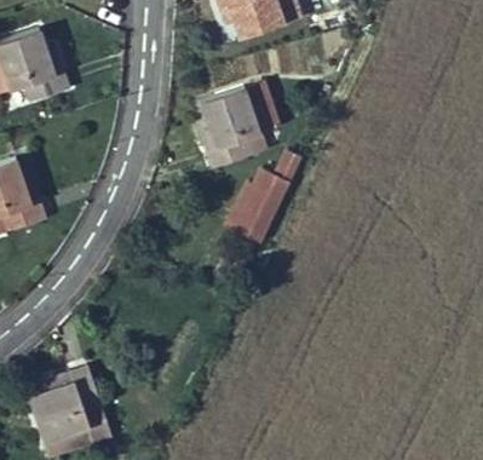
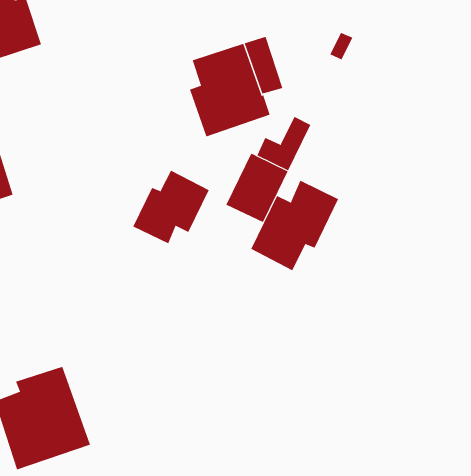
building: none -> [133,170,209,244]
building: none -> [251,180,339,271]

